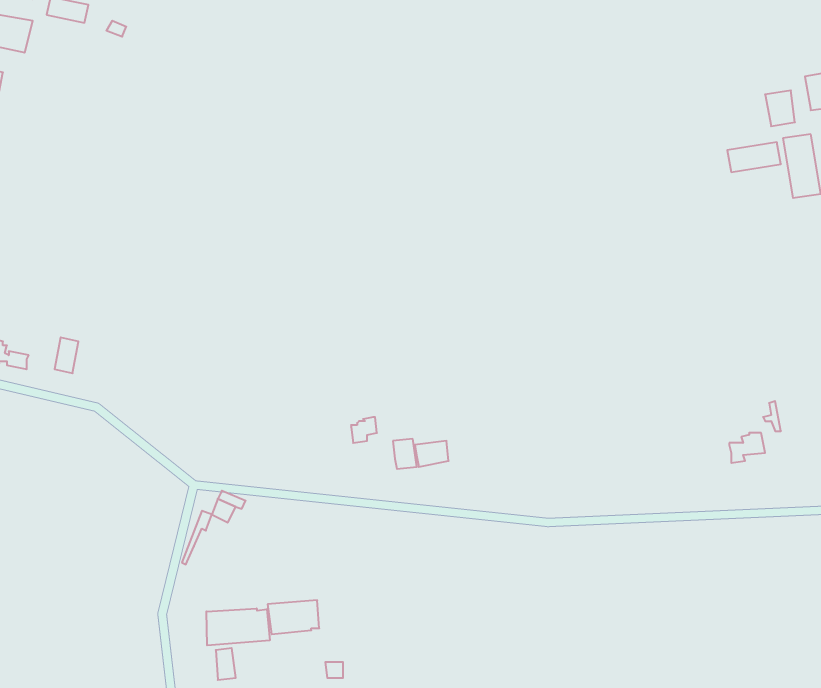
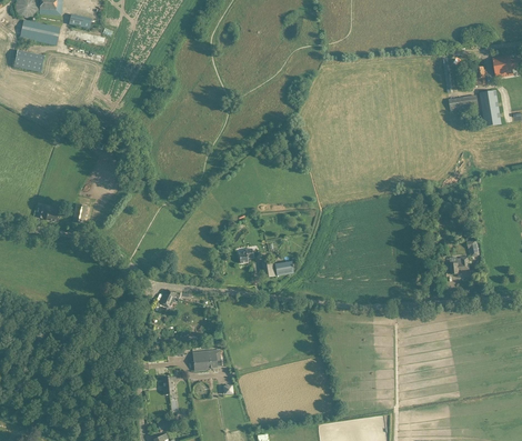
building: [206,608,270,645] -> none

